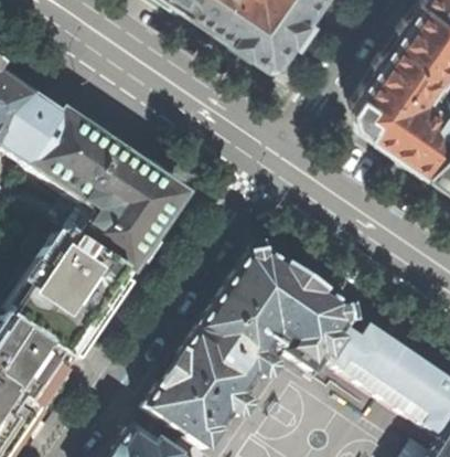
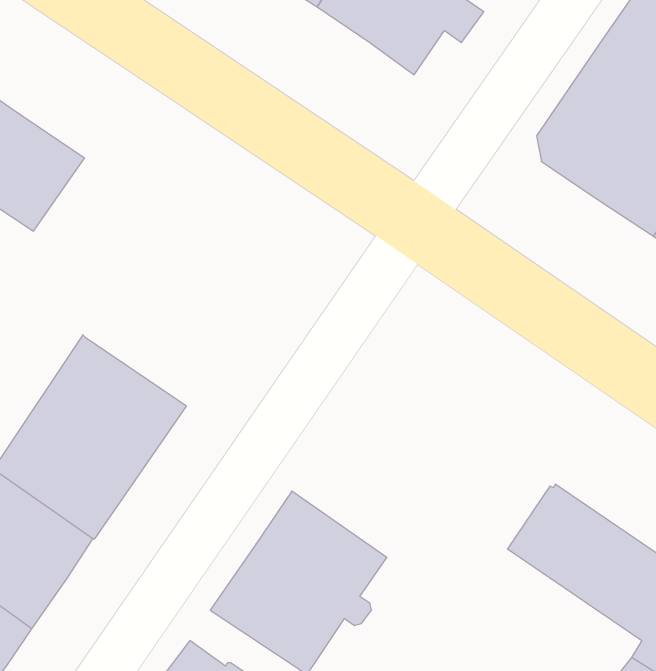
building: [26,117,183,278] -> none
building: [197,248,365,382] -> none

